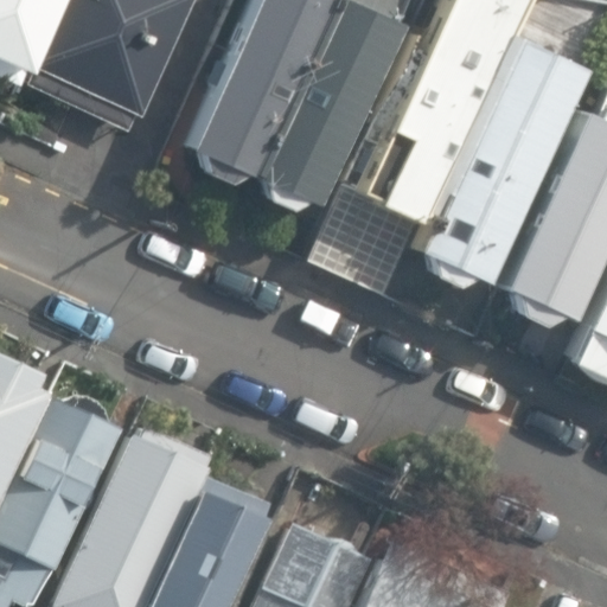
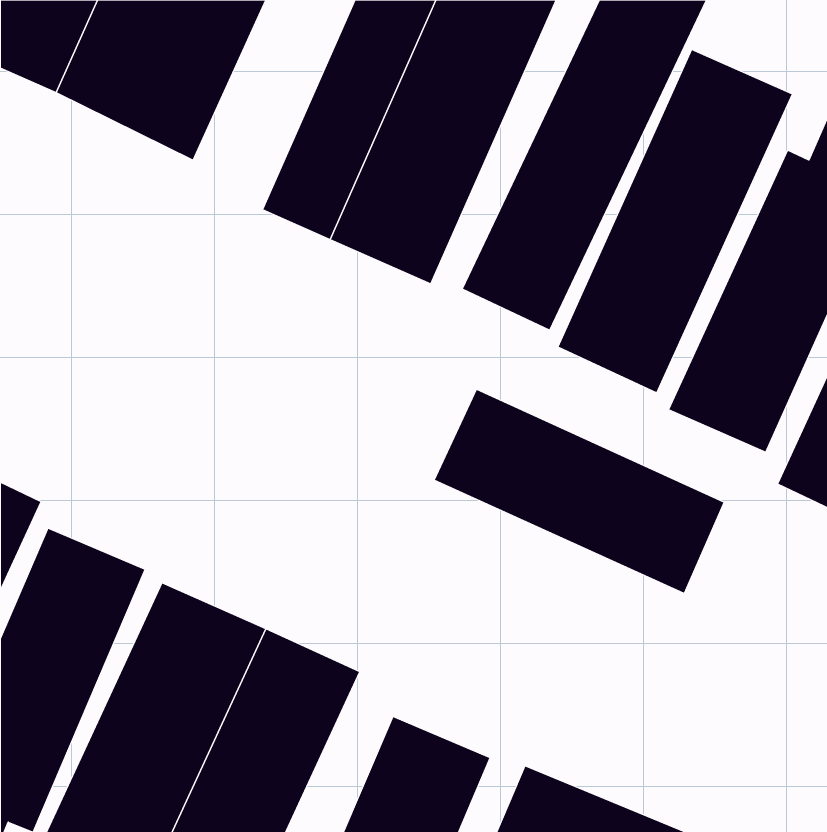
building: none -> [434,389,724,593]

